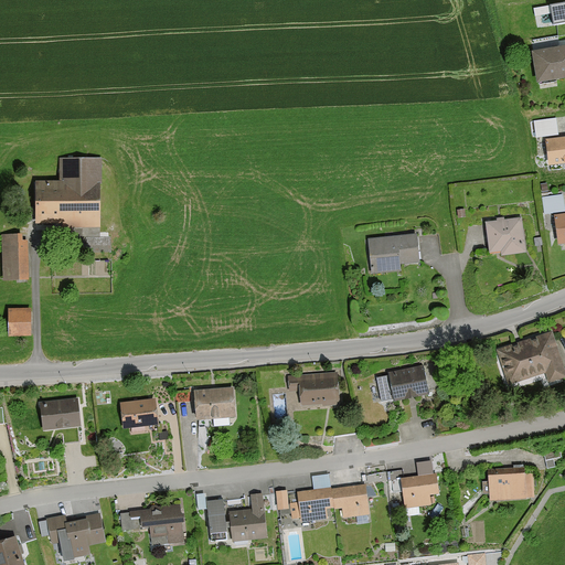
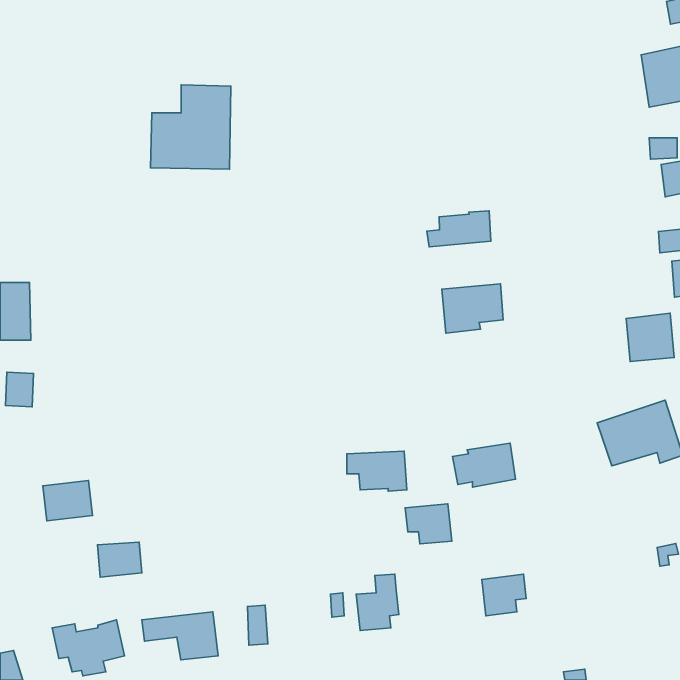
building: [34,158,100,227] -> [150,85,231,169]
building: none -> [427,211,491,247]
building: [490,215,530,255] -> [626,313,674,361]
building: [194,387,234,418] -> none
building: [120,398,157,427] -> [98,542,142,577]
building: [488,467,532,500] -> none
building: [330,483,369,516] -> [405,504,452,544]
building: [230,492,266,539] -> none

